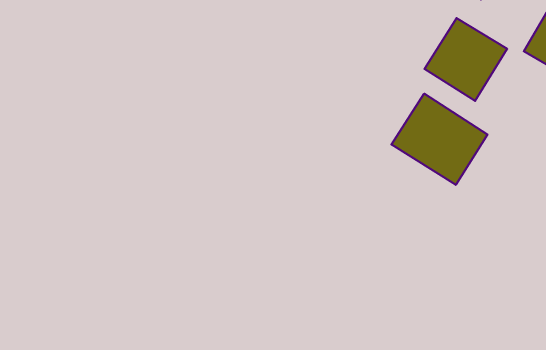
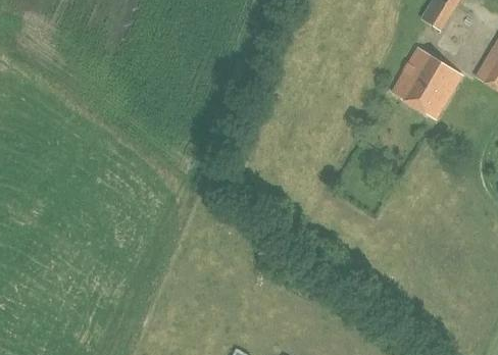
building: [391,94,487,185] -> none

